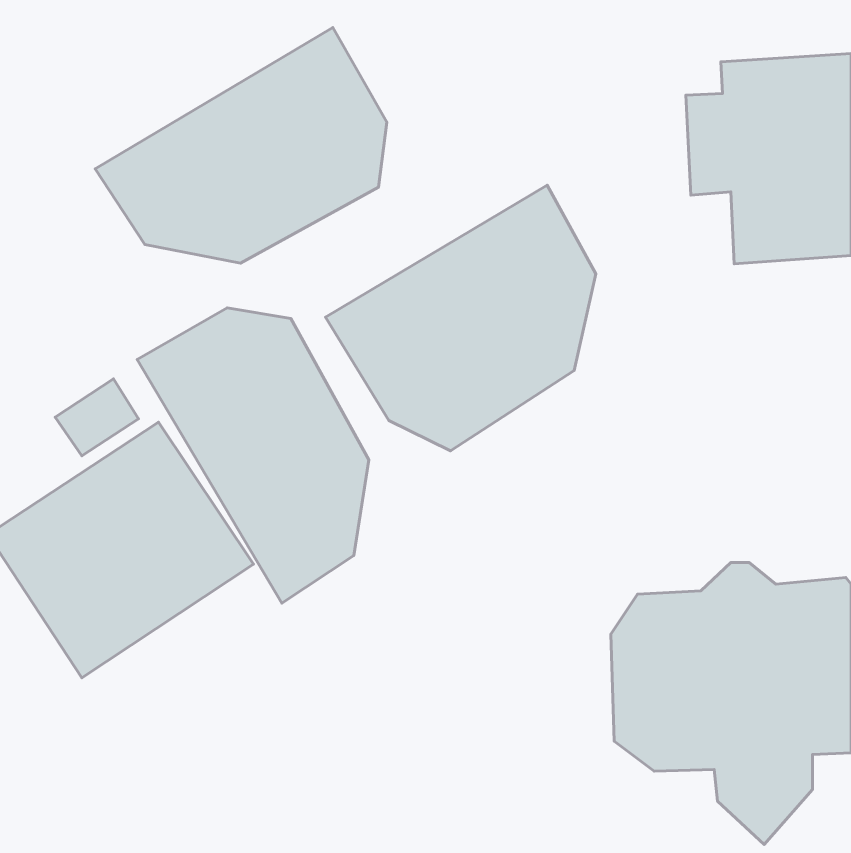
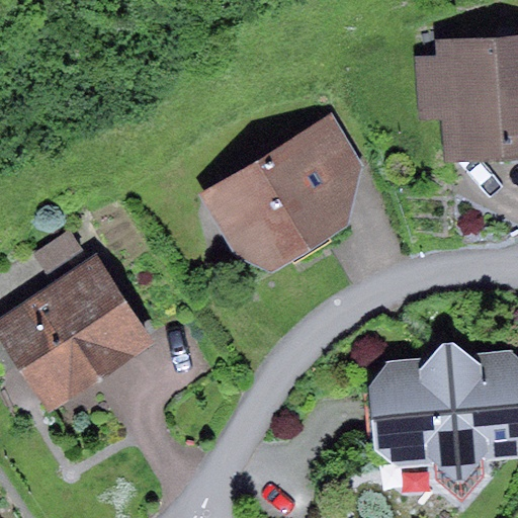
building: [95,28,387,263] -> none
building: [137,308,369,603] -> none

